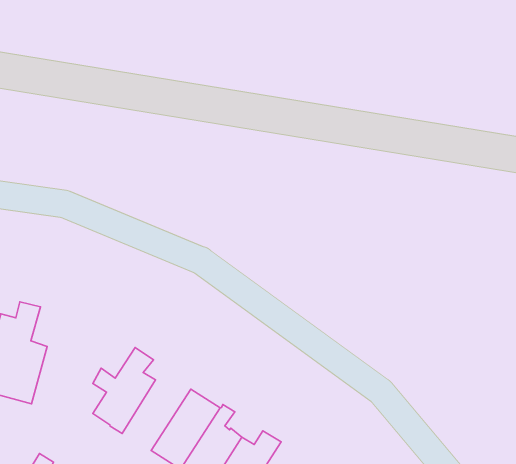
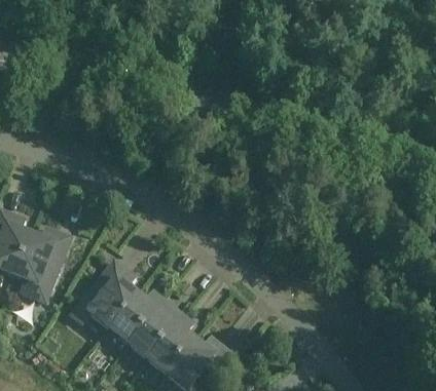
building: none -> [109,291,164,342]

